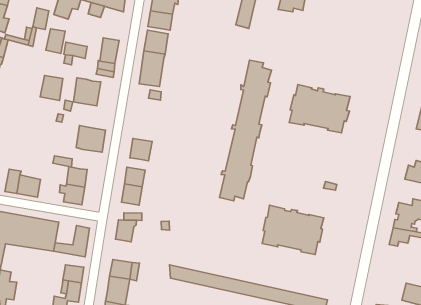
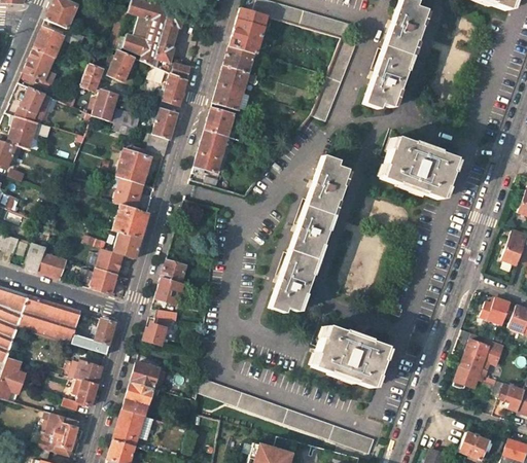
building: none -> [162,74,186,107]
building: [40,75,63,101] -> [113,178,142,209]
building: [289,84,350,133] -> [379,137,452,199]
building: [130,139,152,161] -> [113,232,141,259]

